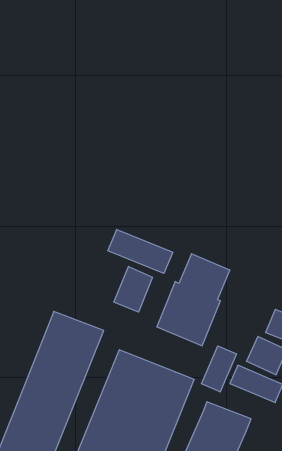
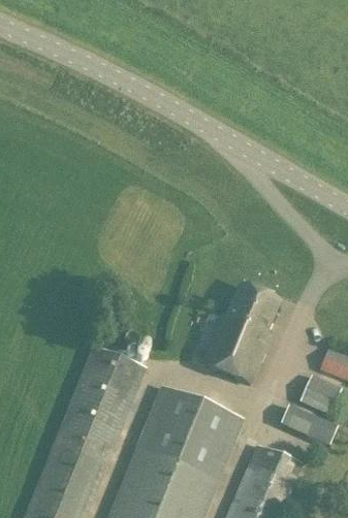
building: [108,229,173,273] -> none
building: [114,266,152,312] -> none
building: [202,346,236,392] -> none

